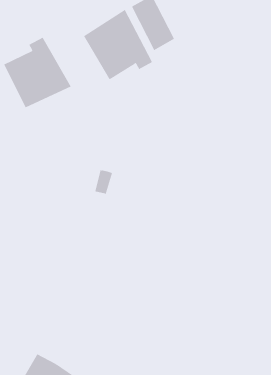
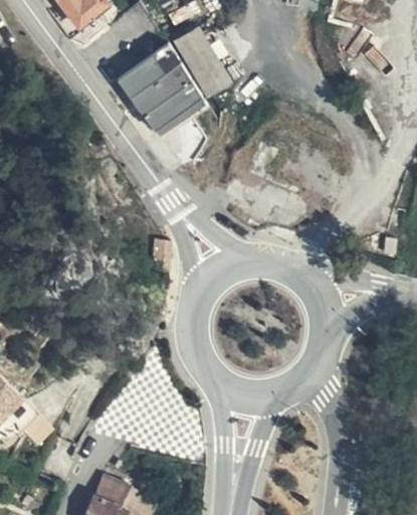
building: [4,37,72,108] -> none

